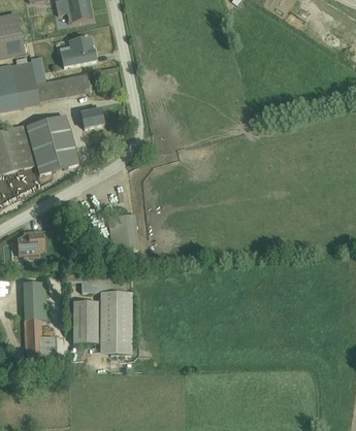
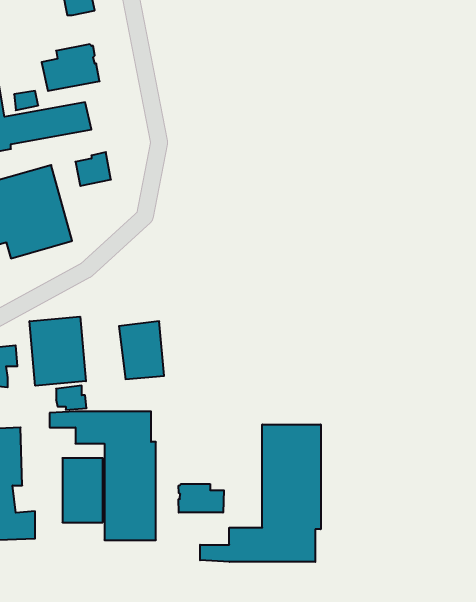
building: none -> [30,317,86,386]
building: none -> [200,424,321,562]
building: none -> [179,484,224,513]

